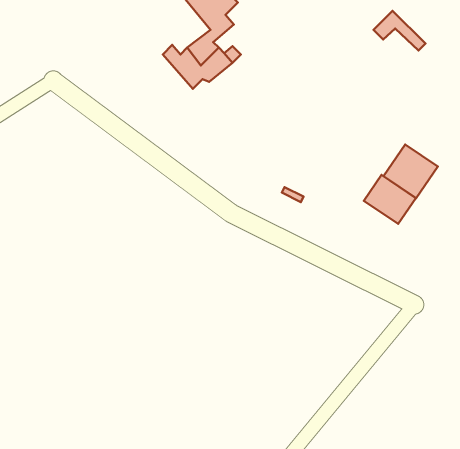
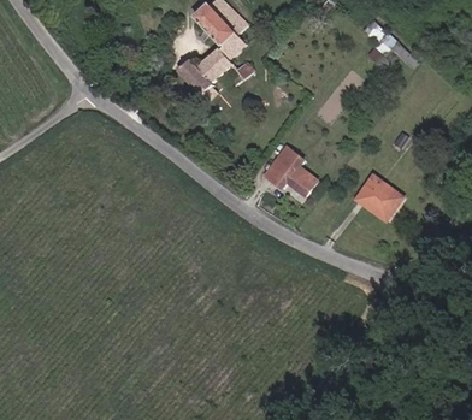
building: none -> [264,147,315,193]
building: [384,144,438,198] -> none

